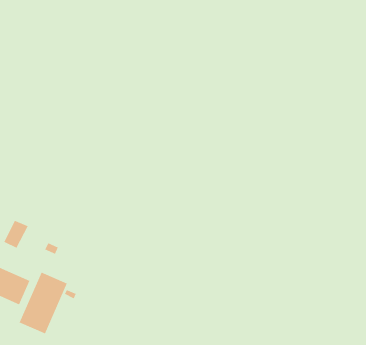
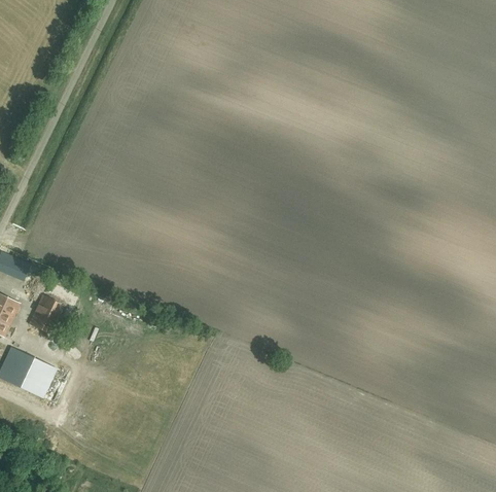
building: [18,271,68,335] -> none

